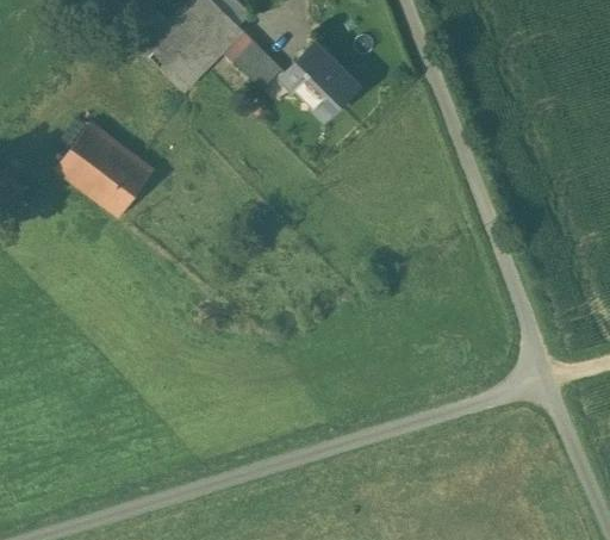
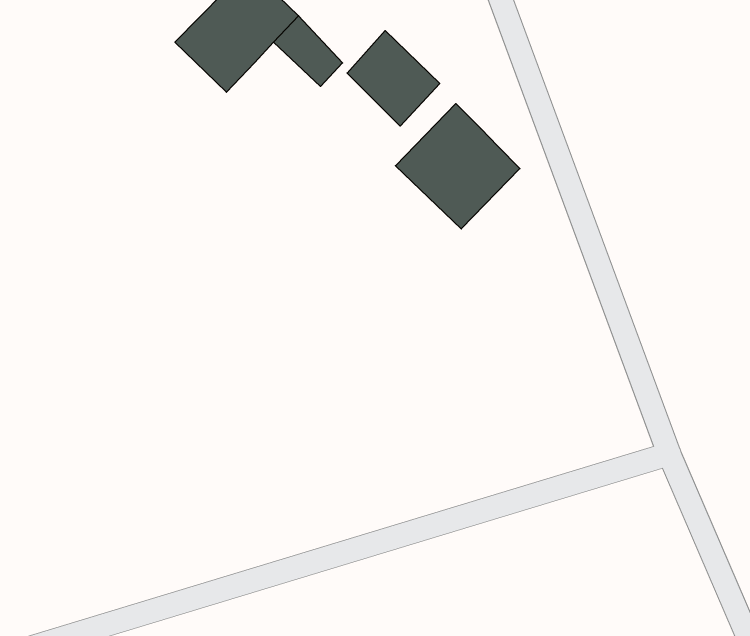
building: none -> [395,104,520,229]
building: [57,123,155,216] -> none

